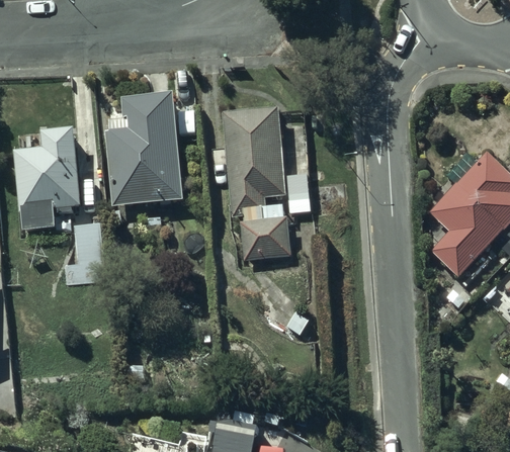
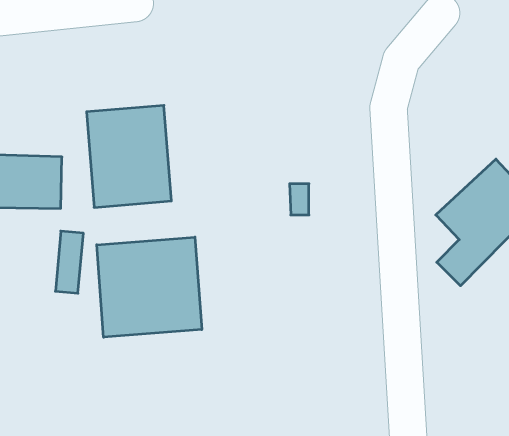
building: [225,107,285,260] -> none
building: none -> [97,237,202,337]

